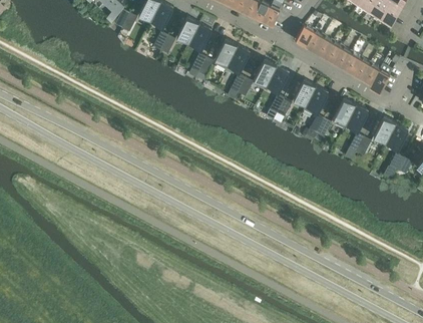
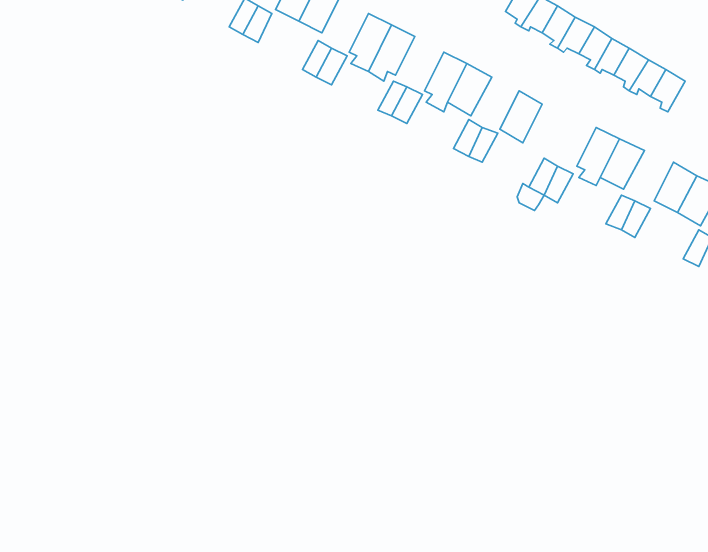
building: [303,87,328,115] -> none

